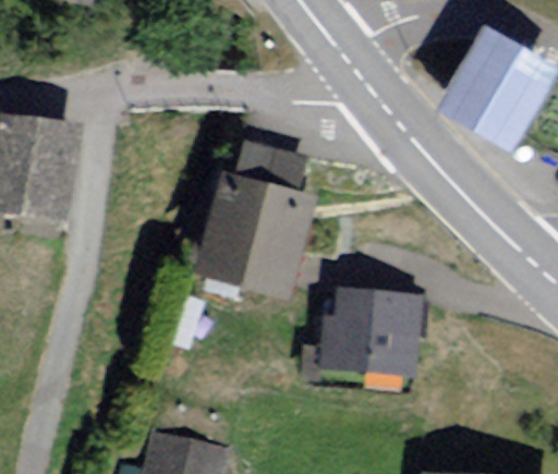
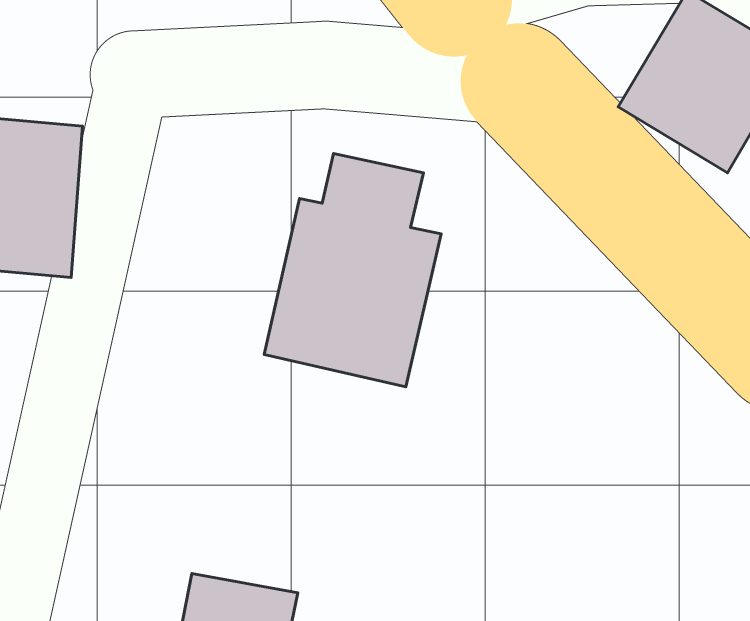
building: [323,290,412,369] -> none

